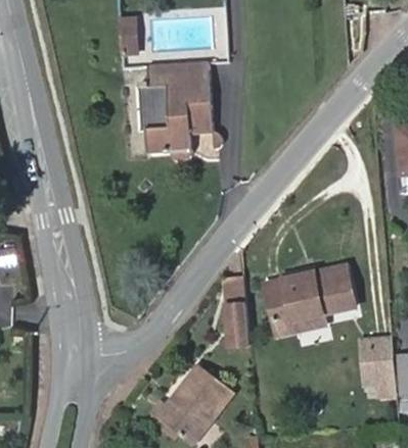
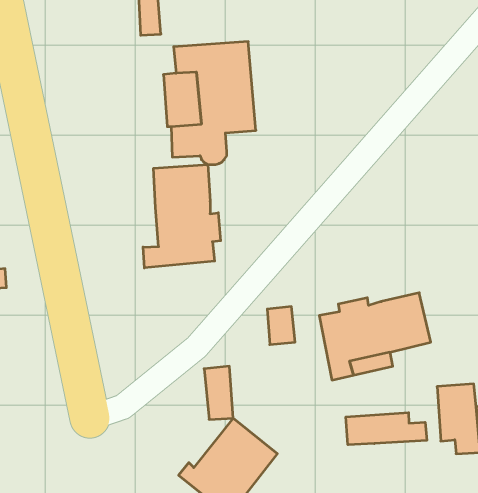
building: none -> [143,165,221,268]
building: [226,304,250,347] -> [204,366,233,419]
building: none -> [346,413,427,445]

